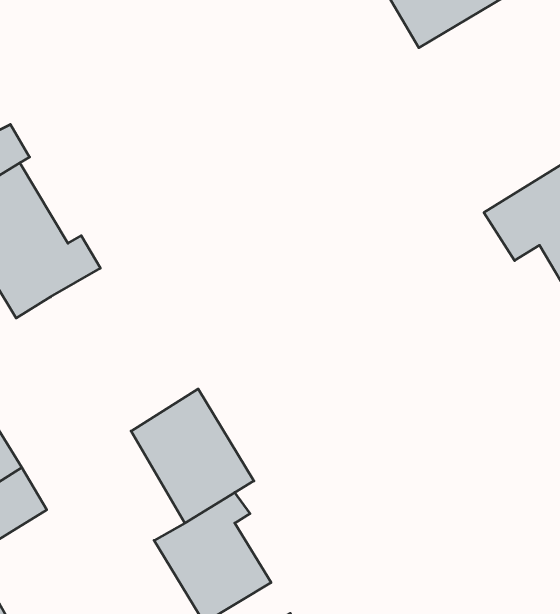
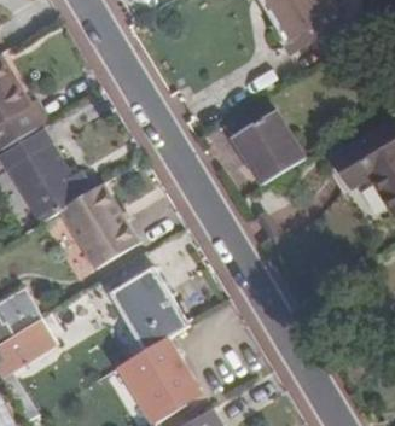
building: none -> [233,111,303,185]
building: none -> [59,185,136,267]

